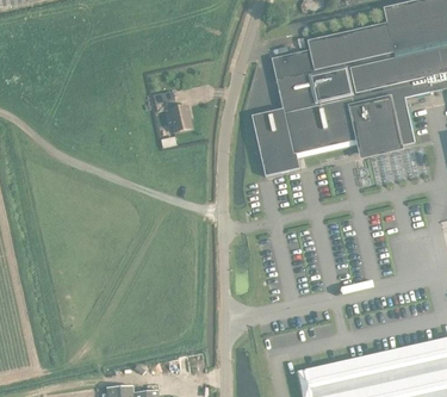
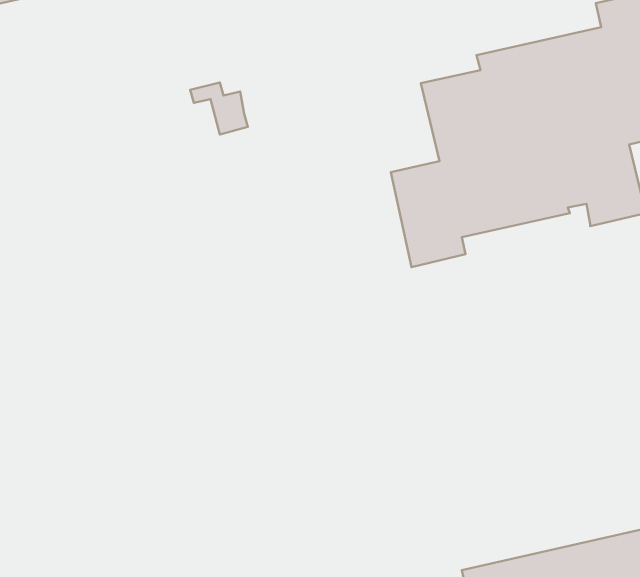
building: [155,98,192,131] -> [190,82,248,134]

